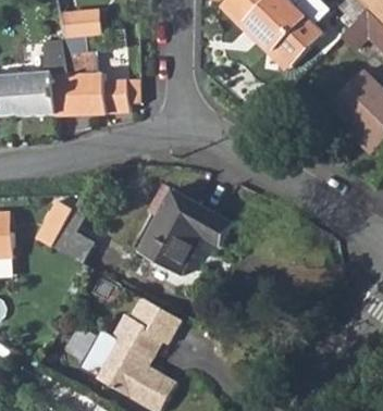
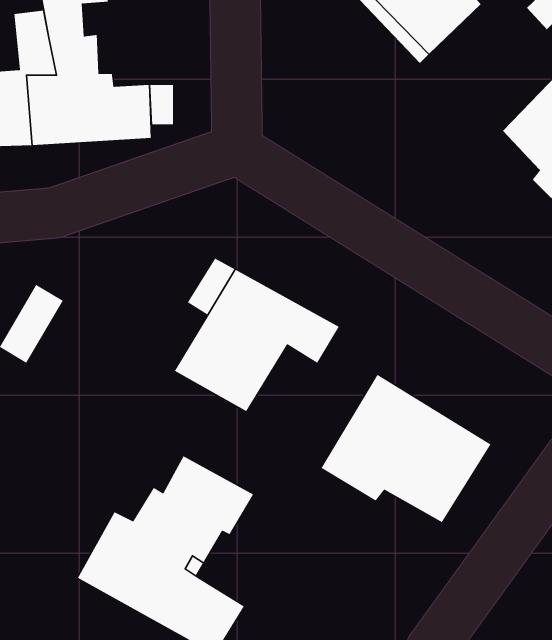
building: [51,190,95,261] -> none
building: none -> [320,374,491,523]

